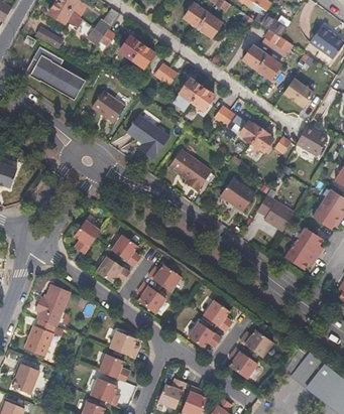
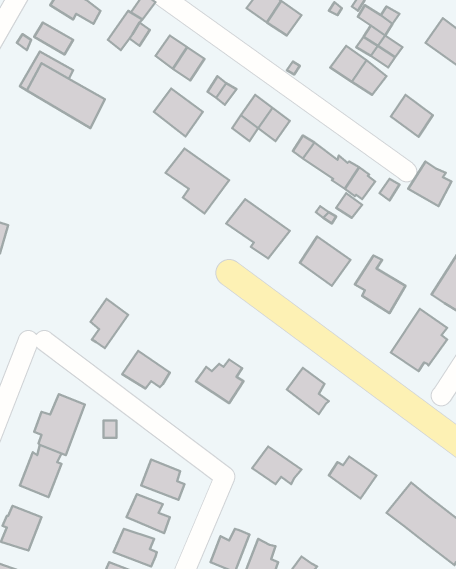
building: [92,91,126,124] -> [154,89,203,136]
building: [112,235,141,267] -> none
building: [137,283,166,314] -> none
building: [204,300,233,332] -> [287,368,329,414]
building: [229,349,258,380] -> none

